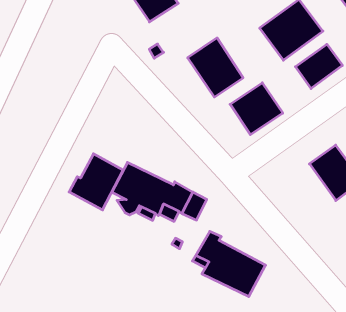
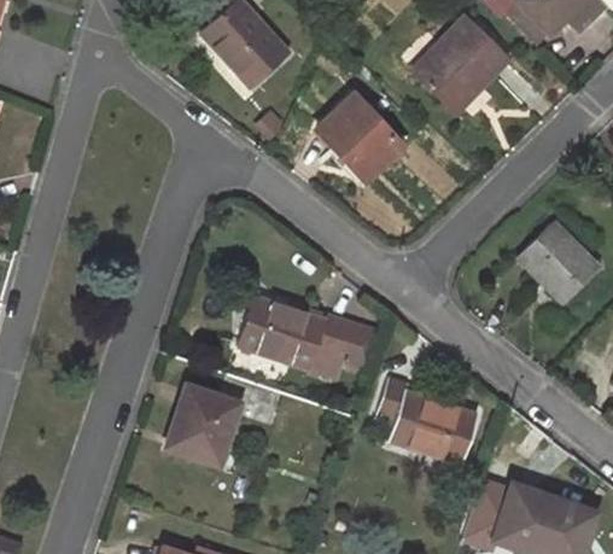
building: [295,44,342,89] -> none
building: [230,83,283,135] -> none
building: [69,154,123,210] -> [167,386,240,466]

